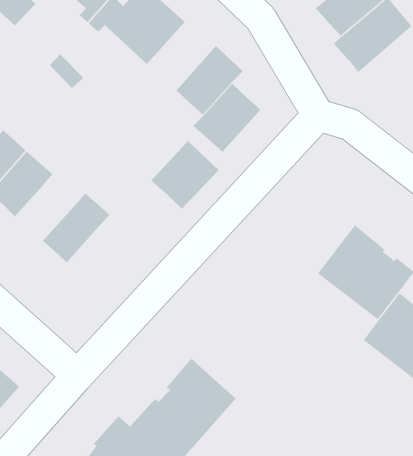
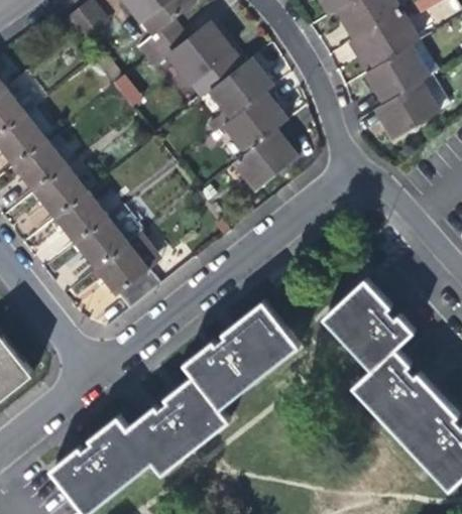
building: none -> [208,58,272,121]
building: [150,140,219,210] -> none
building: none -> [54,191,123,244]
building: none -> [95,243,148,295]
building: none -> [185,302,298,408]

